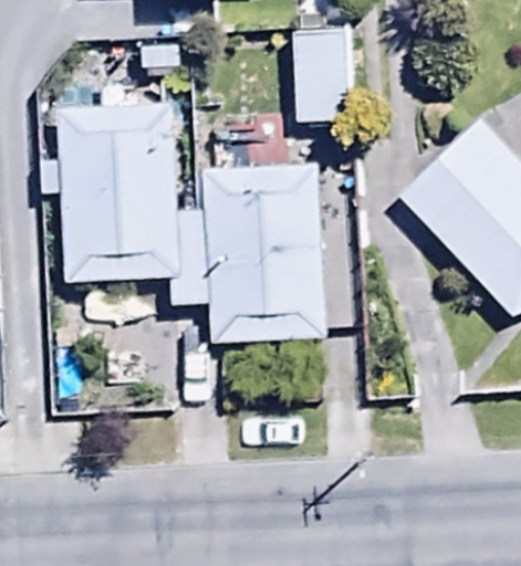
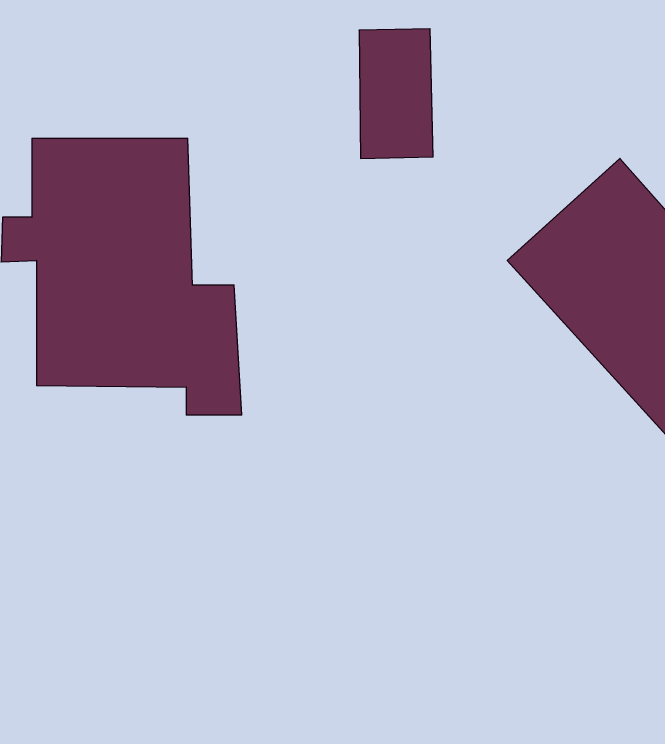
building: [206,164,324,342] -> none

